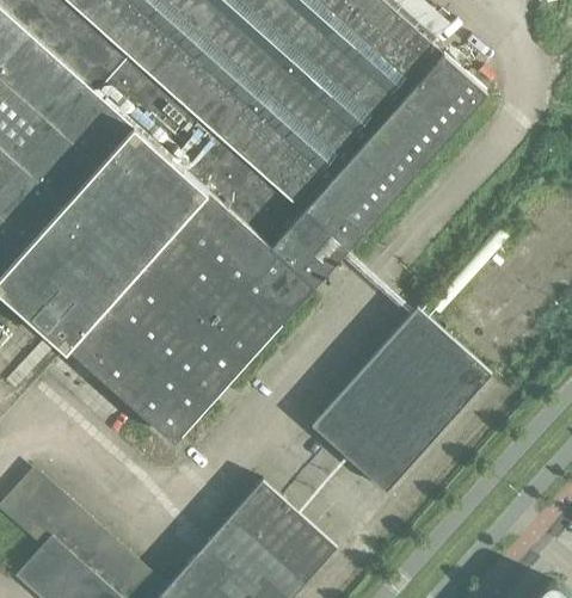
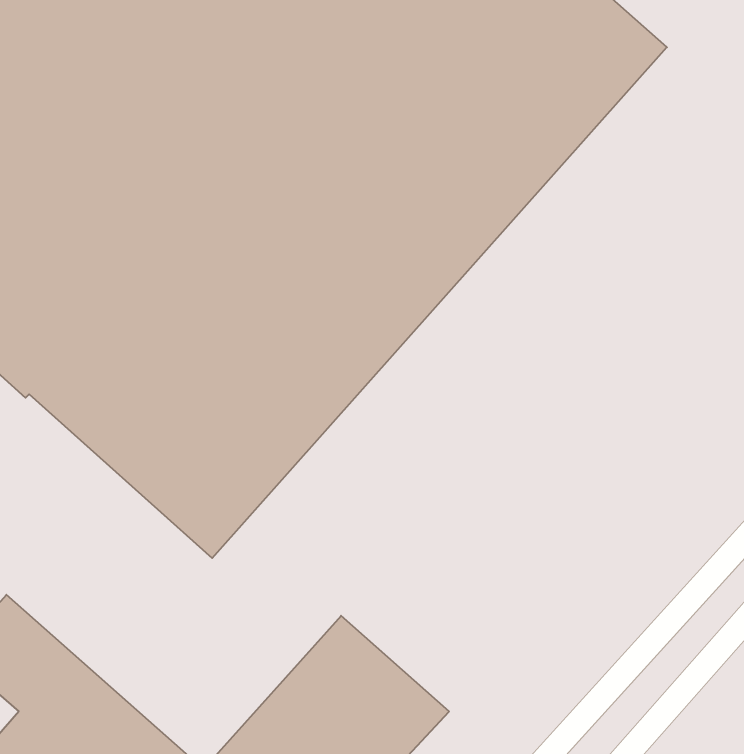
building: [312,307,491,492] -> none

